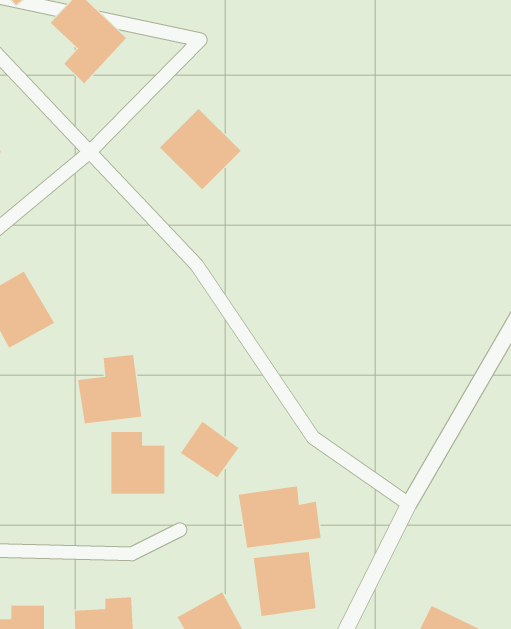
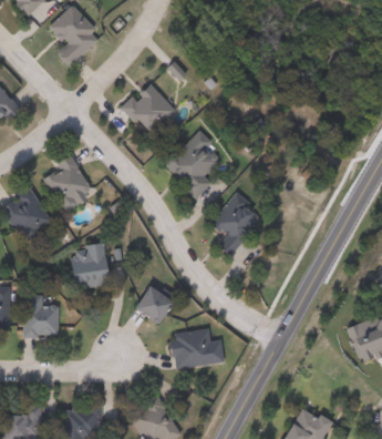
building: none -> [162,129,221,196]
building: none -> [42,156,91,213]
building: none -> [209,194,262,253]
building: [110,431,165,494] -> [23,295,59,336]
building: [253,551,316,617] -> none

